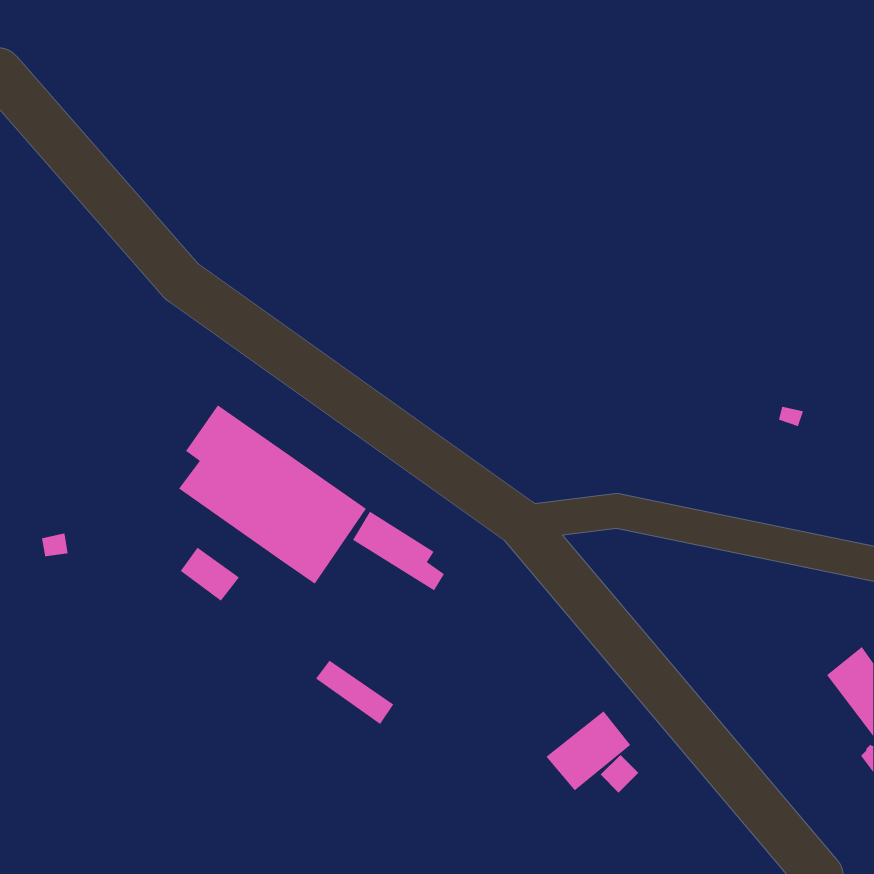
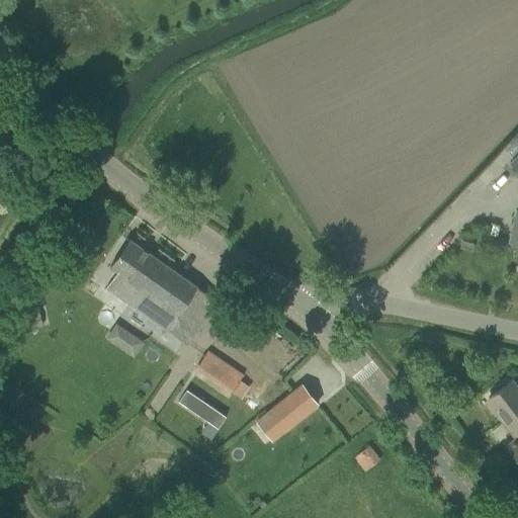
building: [352,511,445,591] -> [193,349,248,397]
building: [545,710,631,791] -> [267,384,318,432]

